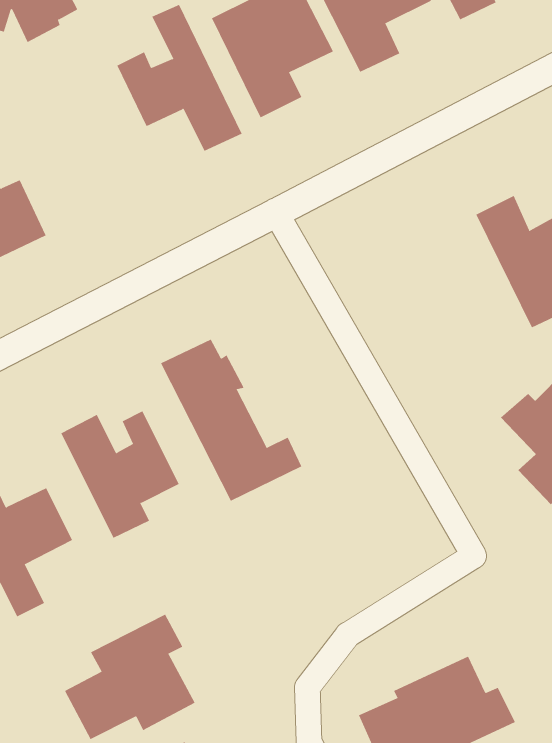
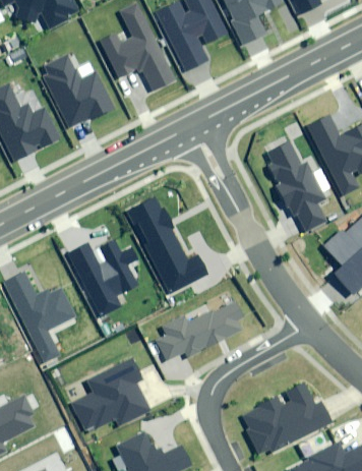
building: none -> [45,55,114,125]
building: none -> [266,140,325,229]
building: none -> [156,301,244,361]

